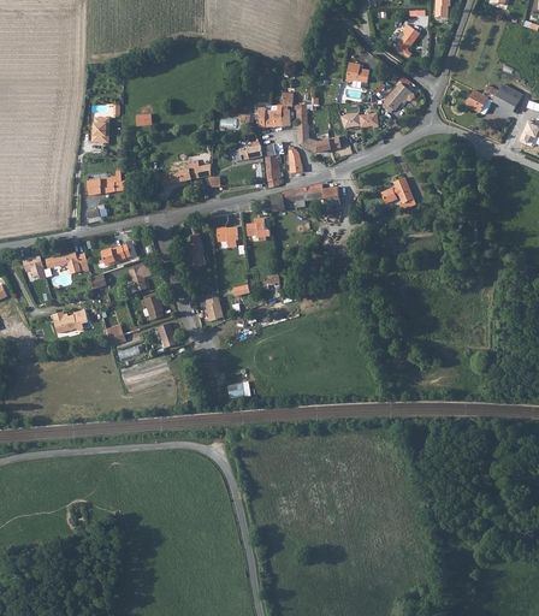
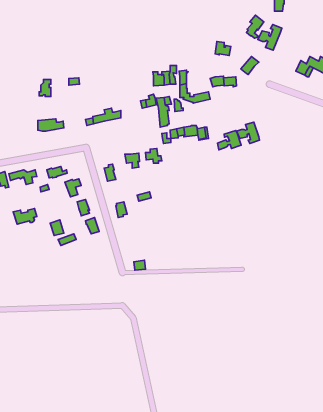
building: none -> [258,25,282,50]
building: none -> [218,130,241,150]

